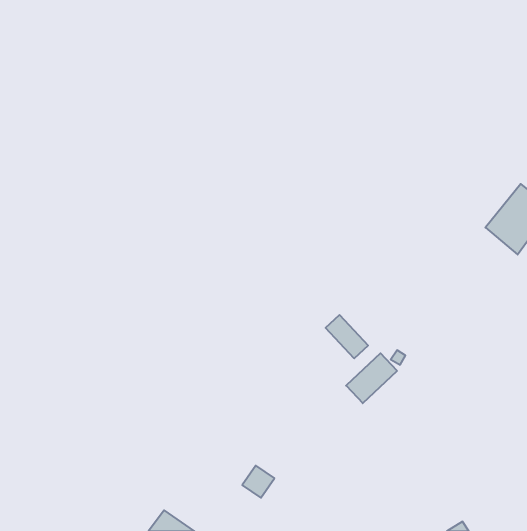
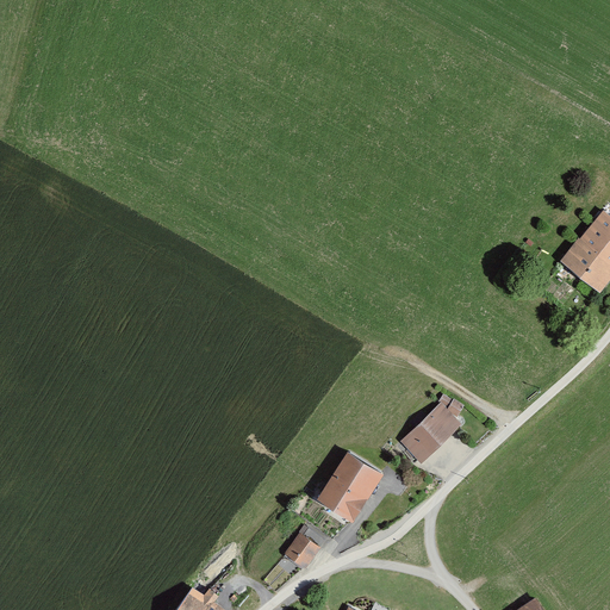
building: [326,315,368,358] -> none
building: none -> [316,453,381,522]

